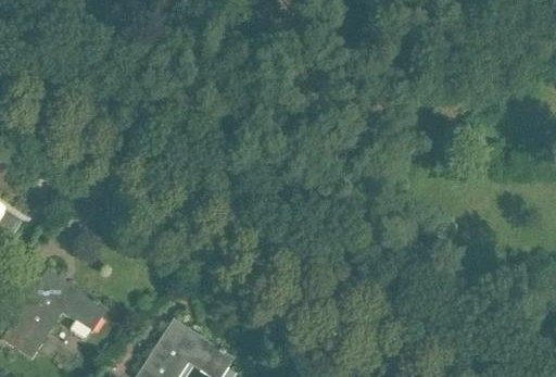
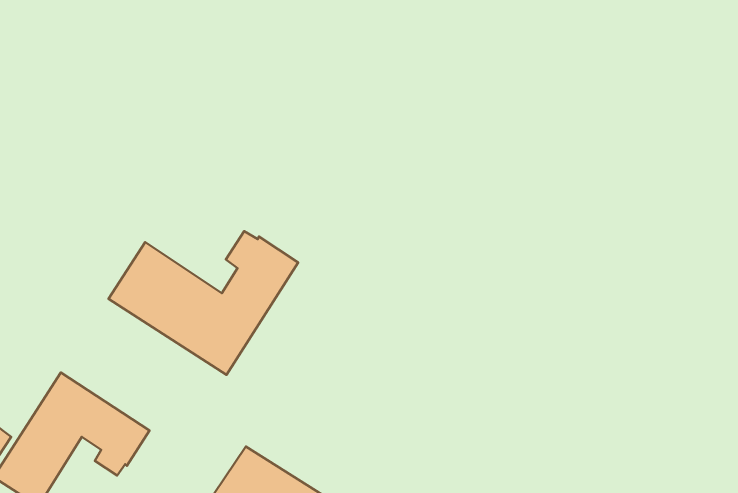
building: none -> [108,231,298,375]

